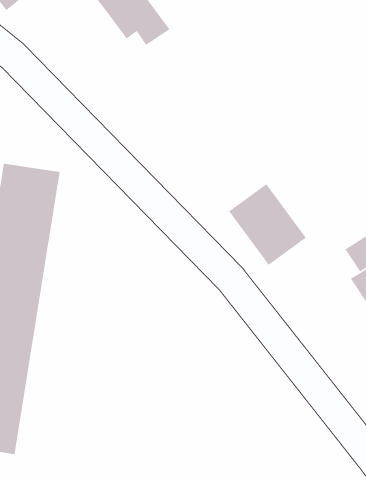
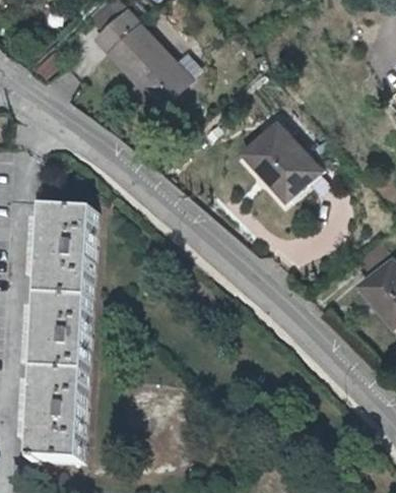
building: [228,183,307,266] -> [244,121,315,193]

